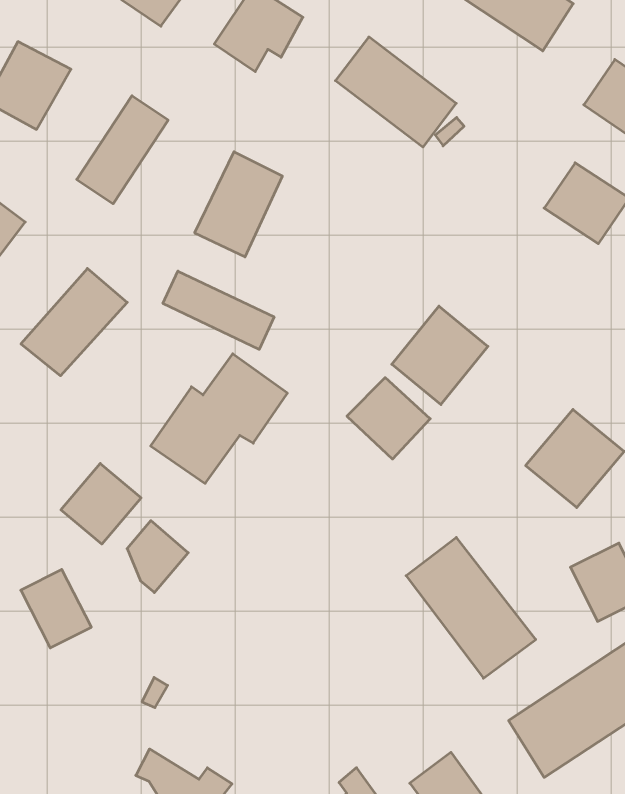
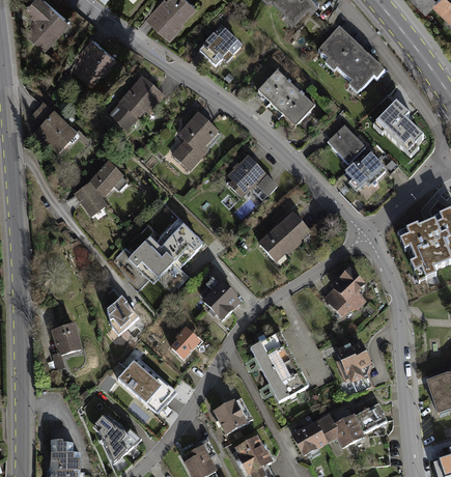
building: none -> [325,121,368,165]
building: none -> [226,150,272,198]
building: [163,271,274,349] -> none
building: [347,378,430,459] -> [196,273,238,315]
building: [61,463,141,544] -> none
building: none -> [167,320,205,358]
building: none -> [115,354,175,414]
building: none -> [212,402,251,440]

